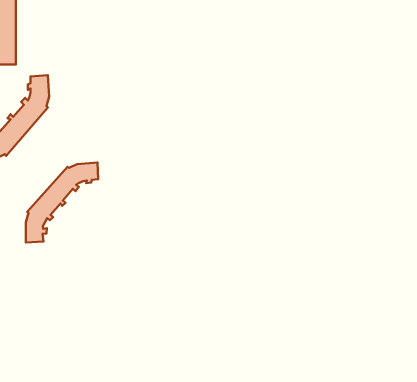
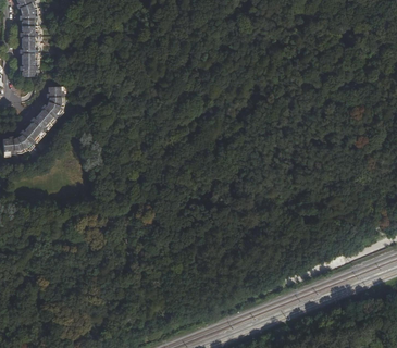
building: [26,163,98,243] -> none

